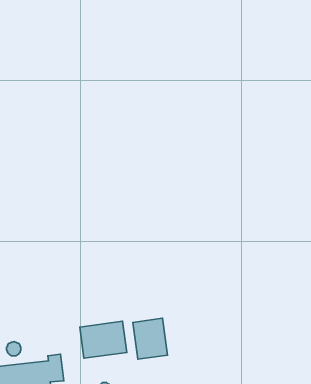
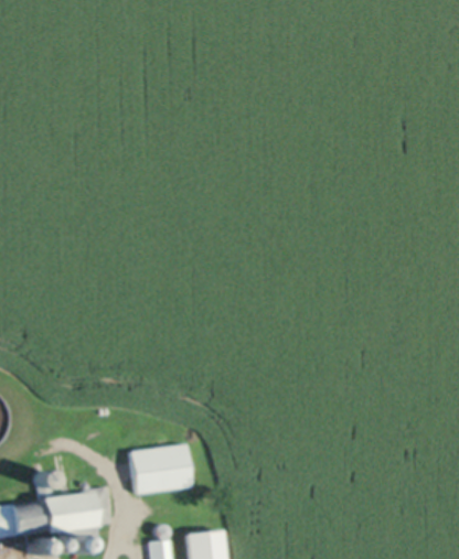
building: [133,318,168,359] -> none

